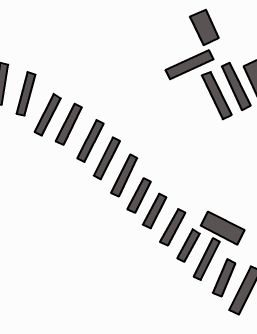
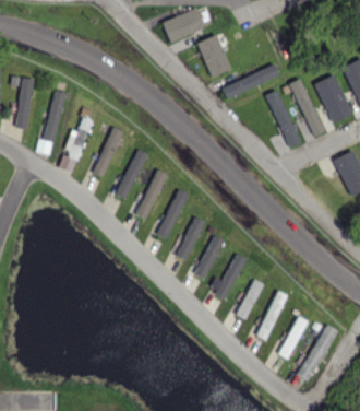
building: none -> [163,8,205,39]
building: [190,10,219,45] -> [196,34,231,77]
building: [201,212,244,245] -> none

